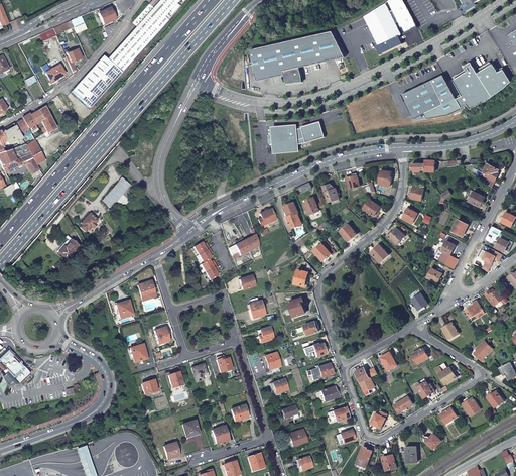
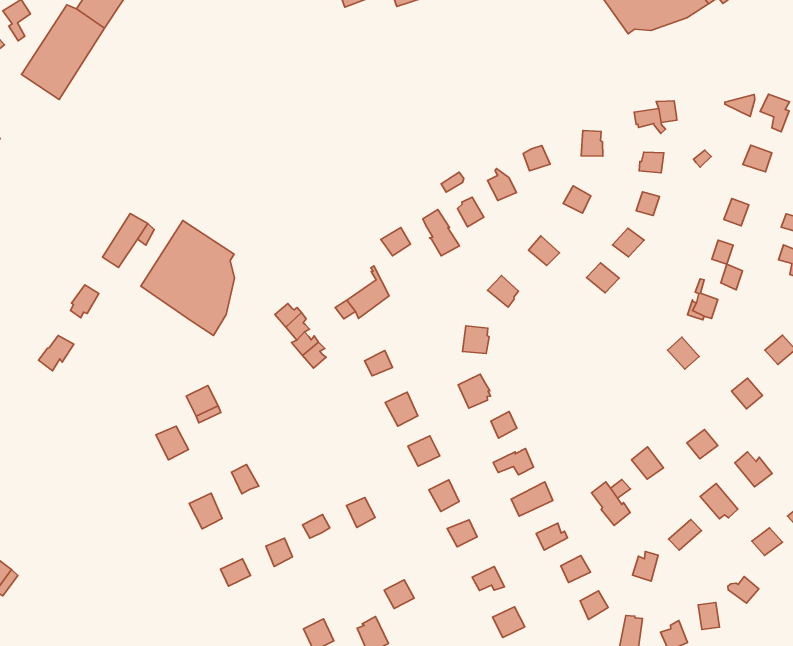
building: [273,121,325,151] -> none
building: none -> [141,221,234,336]

